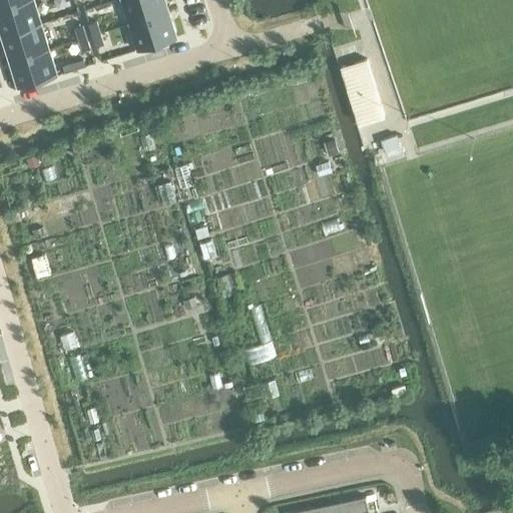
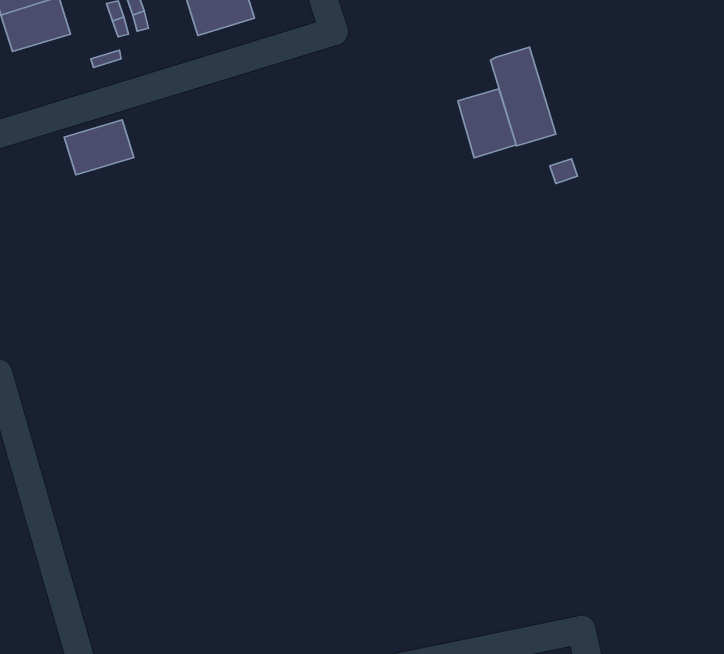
building: [9,50,57,88] -> [64,120,134,175]
building: none -> [458,89,516,158]

